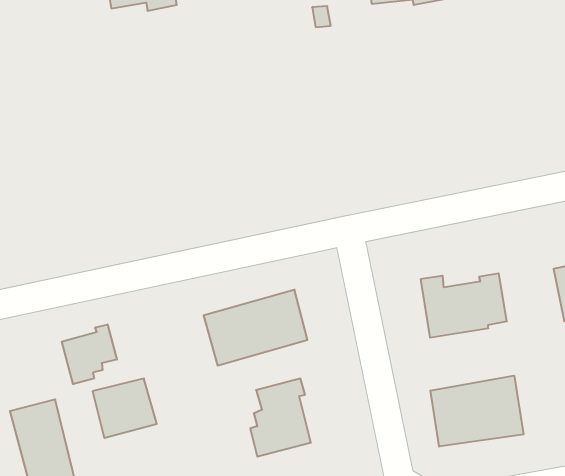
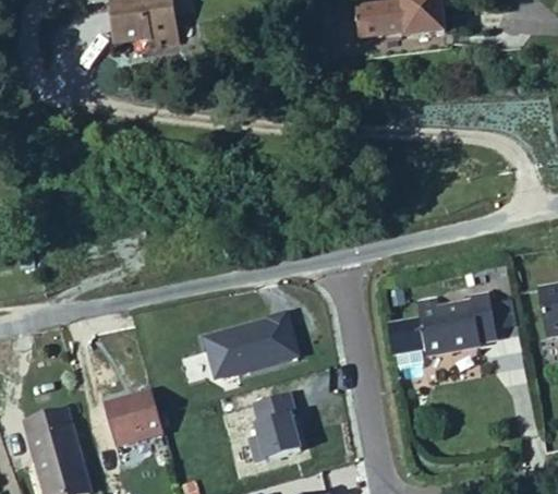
building: [62,324,117,384] -> none
building: [431,376,524,447] -> none

